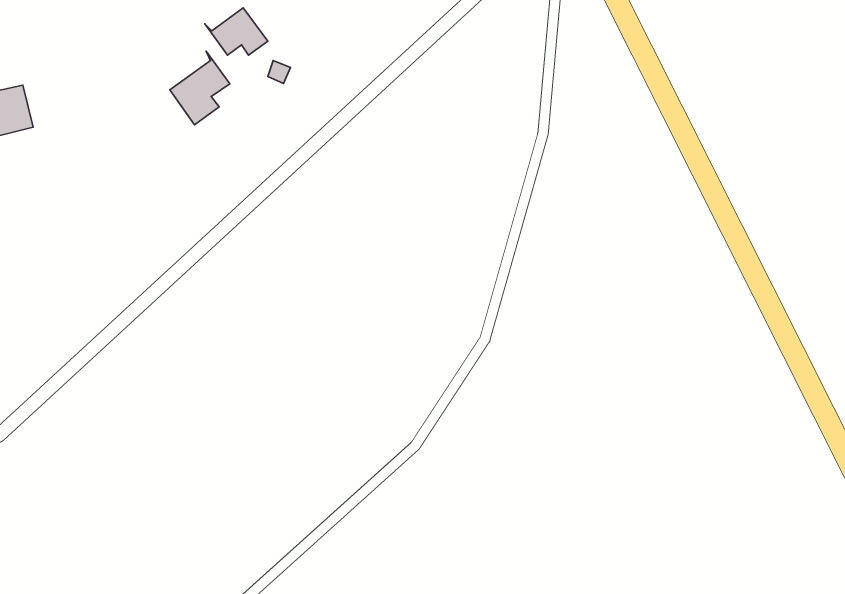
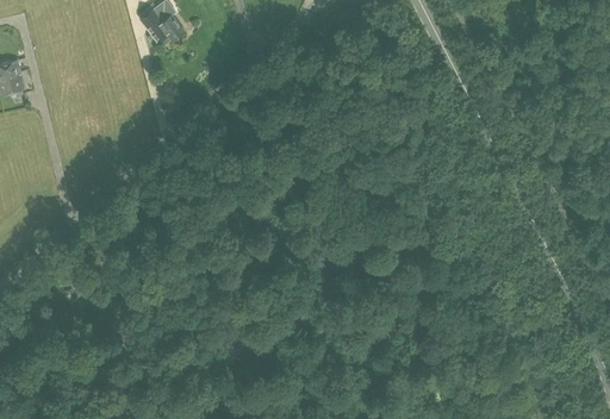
building: [170,51,230,125] -> none

